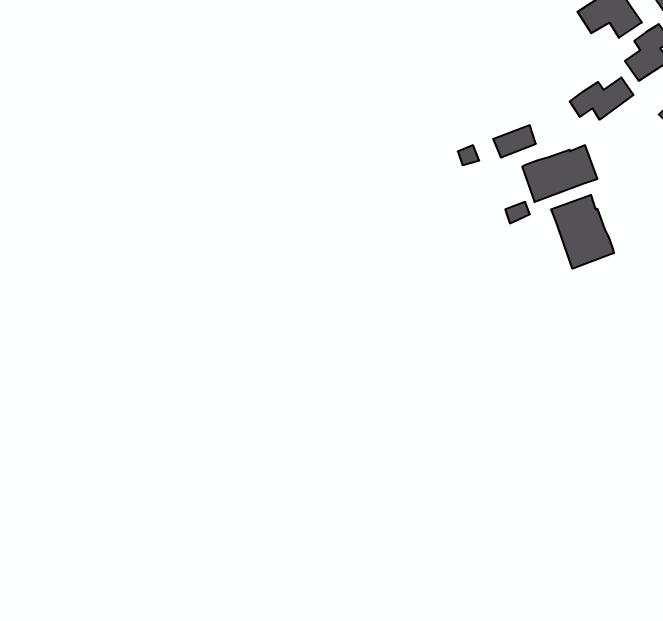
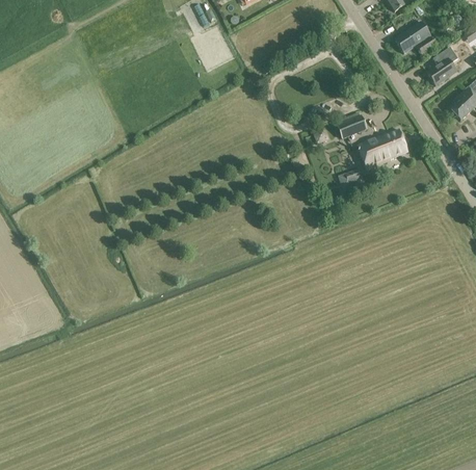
building: [570,77,634,120] -> none
building: [551,195,614,269] -> none

